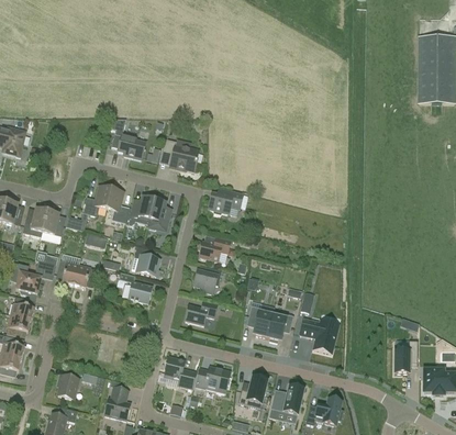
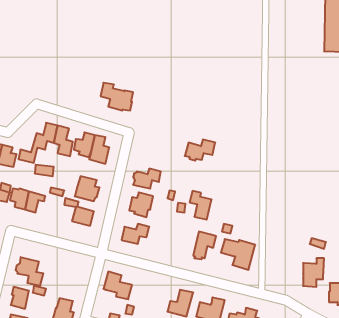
building: [110,116,145,159] -> none
building: [208,190,243,214] -> [185,140,215,161]
building: [247,304,273,337] -> [190,191,212,220]
building: none -> [16,257,43,286]
building: [196,368,230,389] -> none

